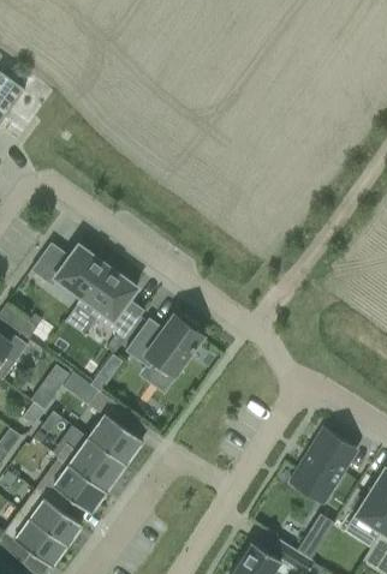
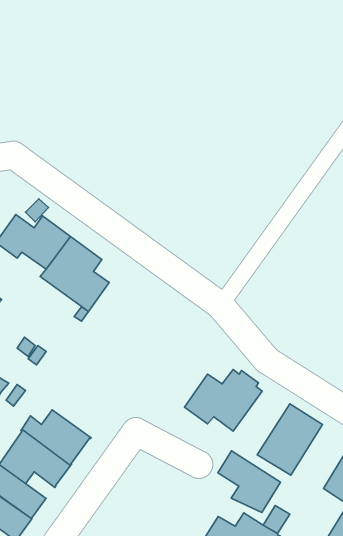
building: [126,315,203,376] -> [185,369,262,431]
building: [88,390,143,465] -> none
building: none -> [218,451,281,513]

